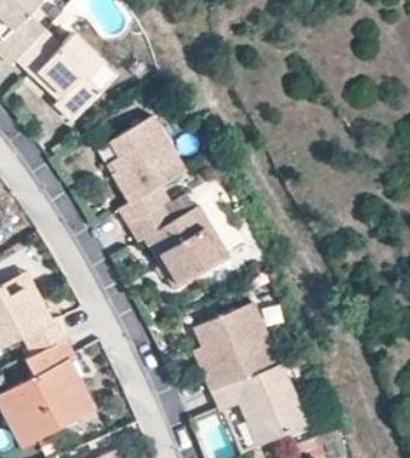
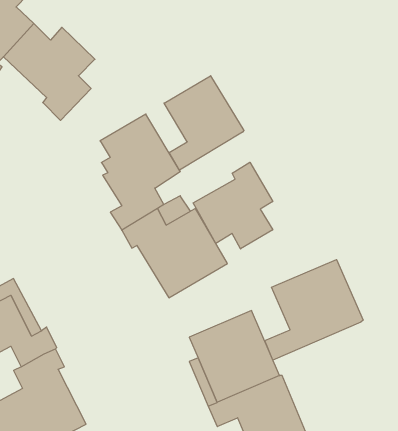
building: none -> [164,76,244,170]
building: none -> [193,162,273,249]
building: none -> [265,260,363,360]

